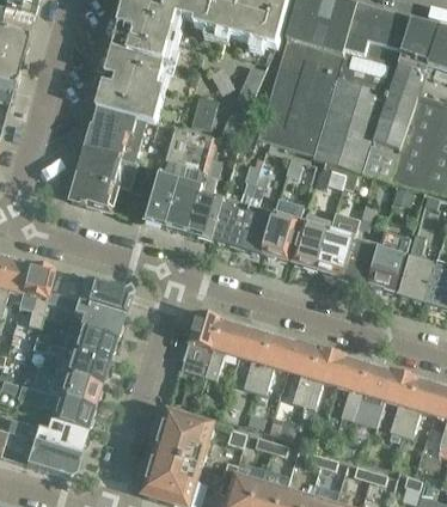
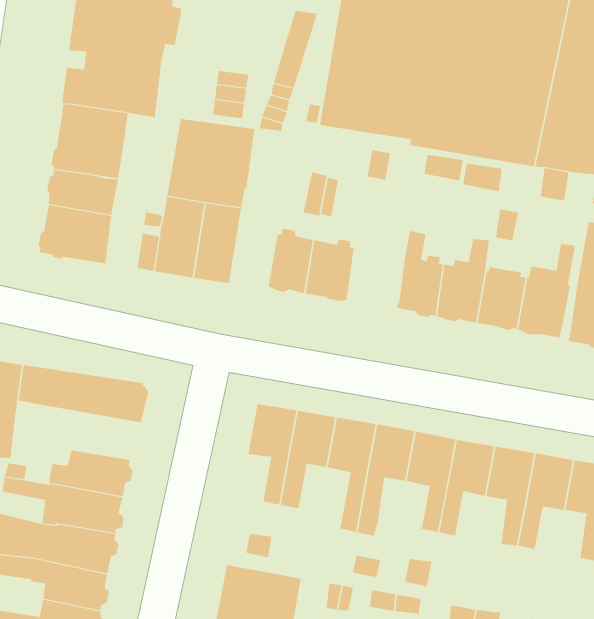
building: [191,159,226,238] -> none
building: [264,181,312,259] -> none
building: [47,291,125,336] -> none

